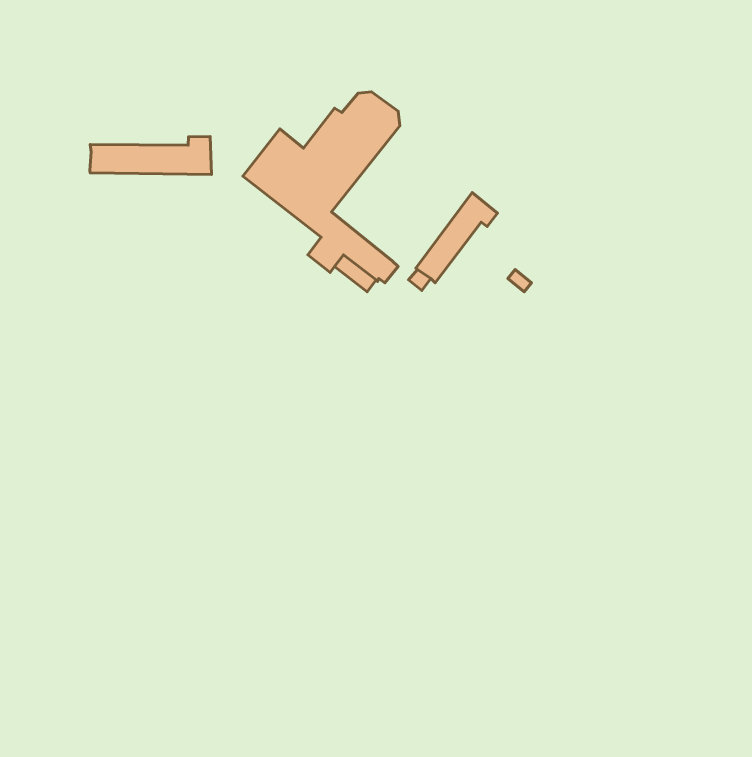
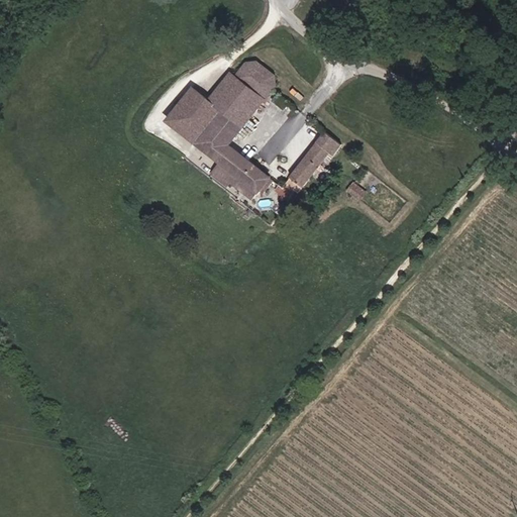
building: [90,137,212,174] -> none

